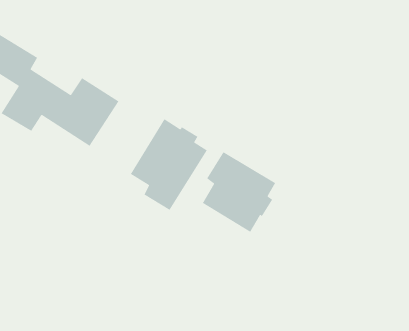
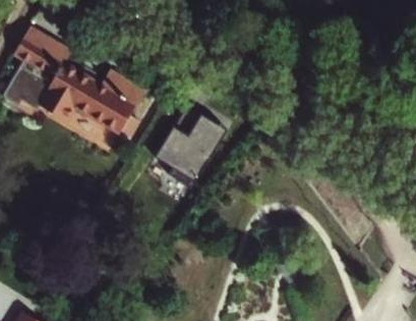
building: [202,151,276,233] -> none

